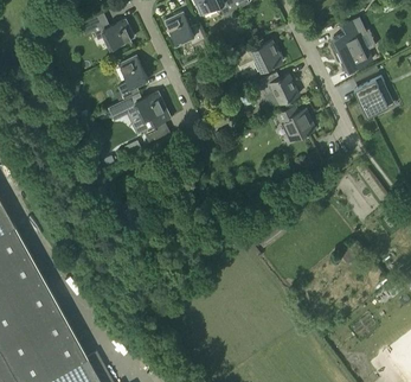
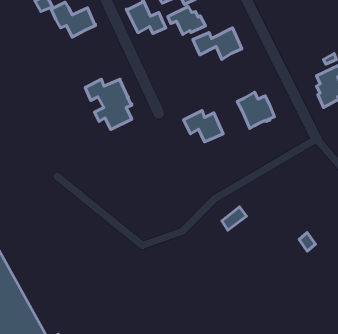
building: none -> [168,6,205,34]
building: [330,18,370,71] -> none
building: [114,56,147,101] -> none
building: [257,71,297,103] -> [183,110,223,142]

